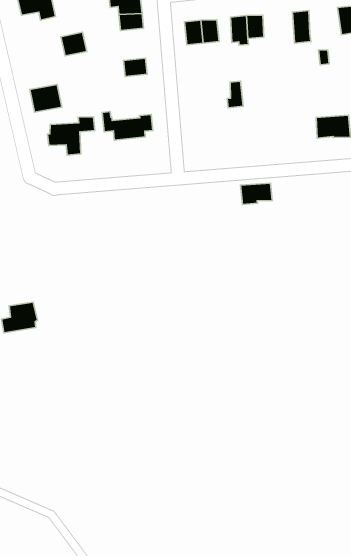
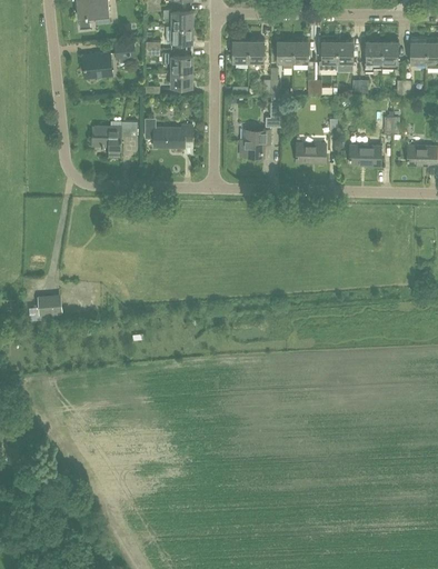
building: none -> [364,40,381,70]
building: none -> [318,40,337,69]
building: none -> [161,51,192,70]
building: [30,84,62,112] -> [82,52,111,77]
building: none -> [239,129,269,156]
building: [241,183,272,205] -> [296,142,325,161]

